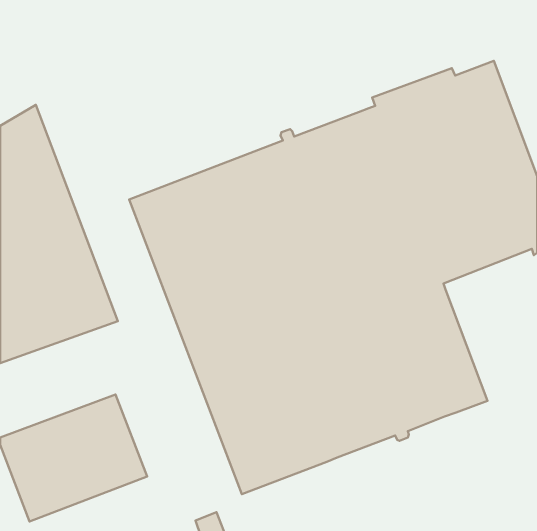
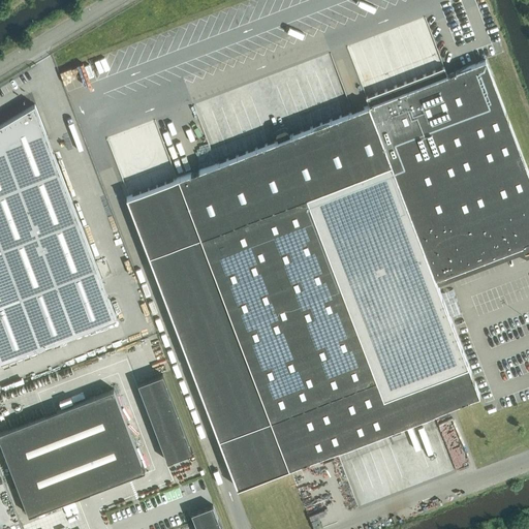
building: none -> [137,378,188,466]

